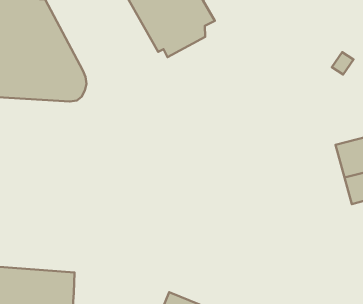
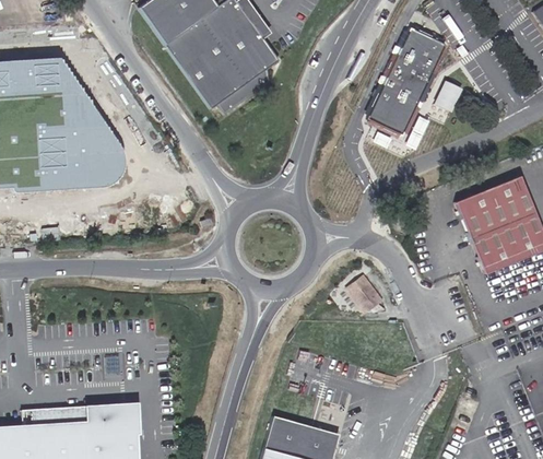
building: none -> [368,28,447,137]
building: none -> [344,279,375,309]

